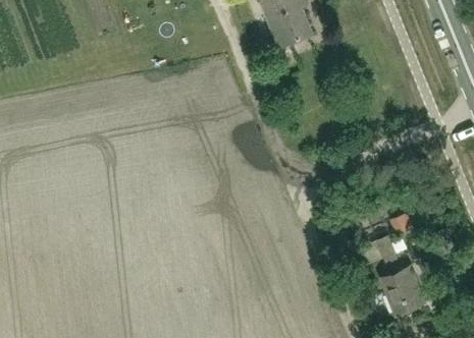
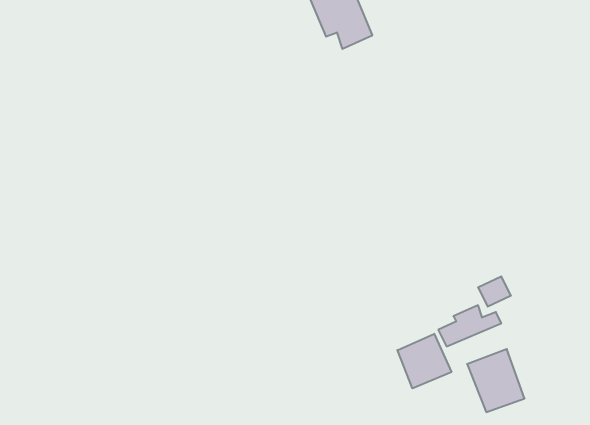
building: none -> [397,334,451,388]

